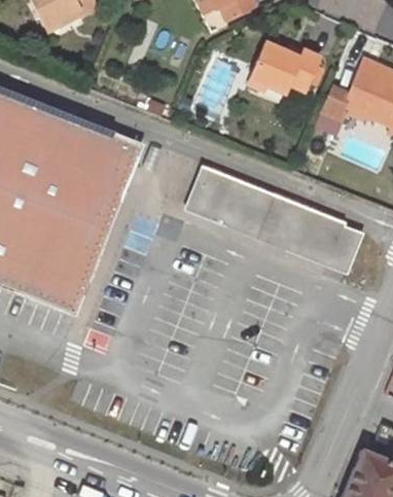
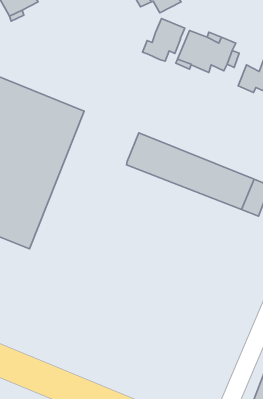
building: none -> [143,19,185,61]

